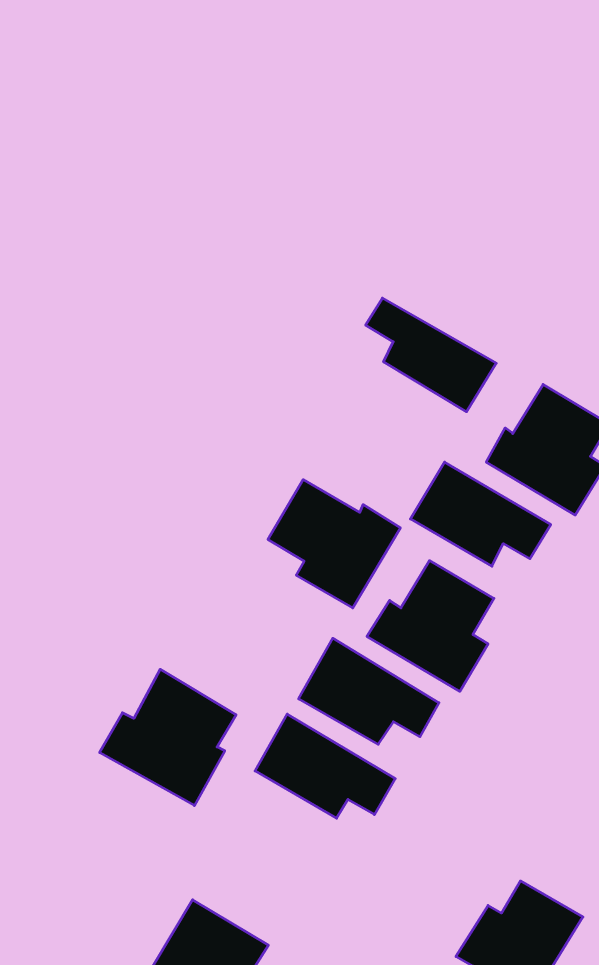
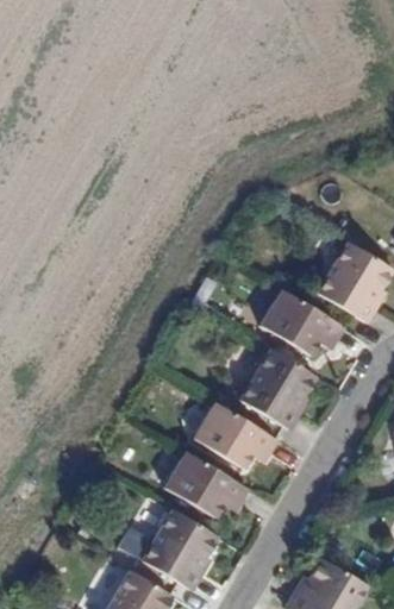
building: [366,298,496,412] -> none
building: [268,480,400,608] -> none
building: [100,669,236,806] -> [138,506,224,591]

